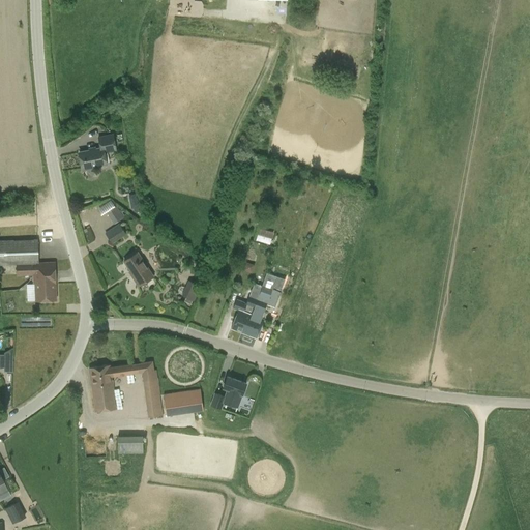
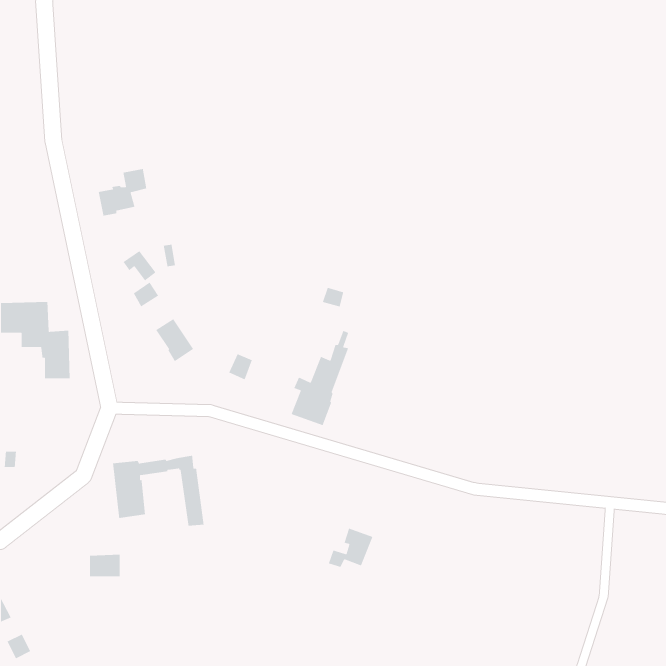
building: [210,377,246,409] -> [328,528,373,568]
building: [164,391,200,416] -> none
building: [118,436,143,454] -> [89,554,120,577]

